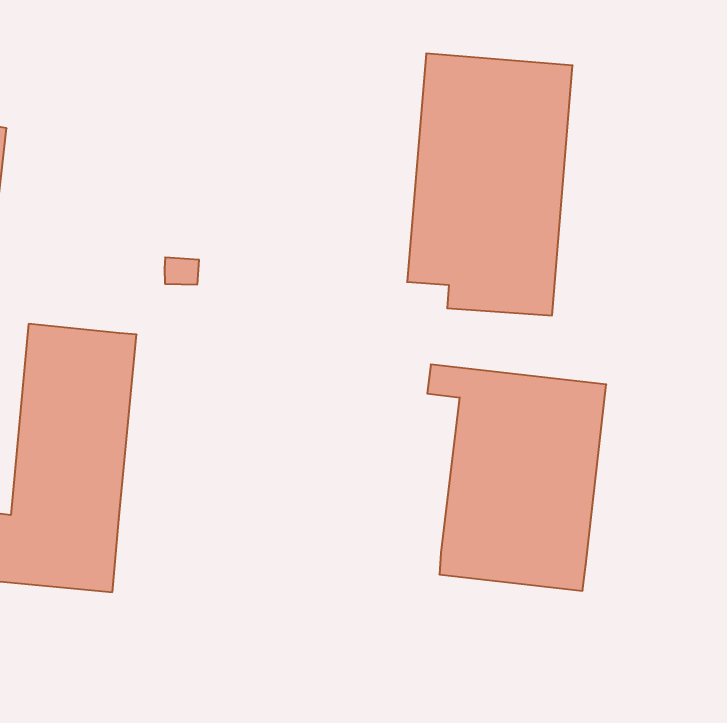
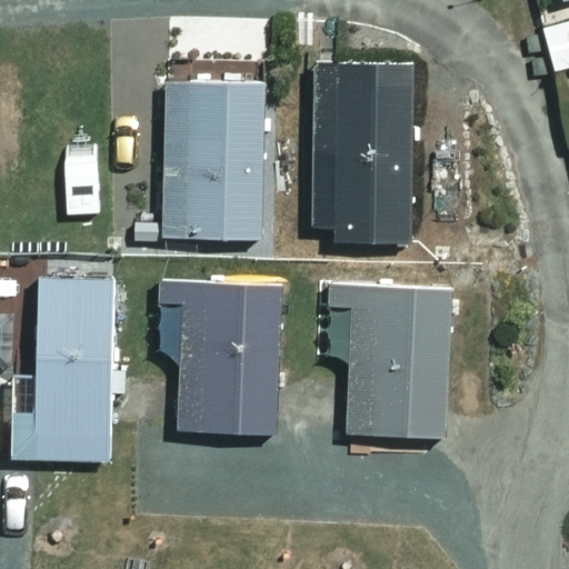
building: none -> [160,81,266,241]
building: none -> [156,281,282,436]

